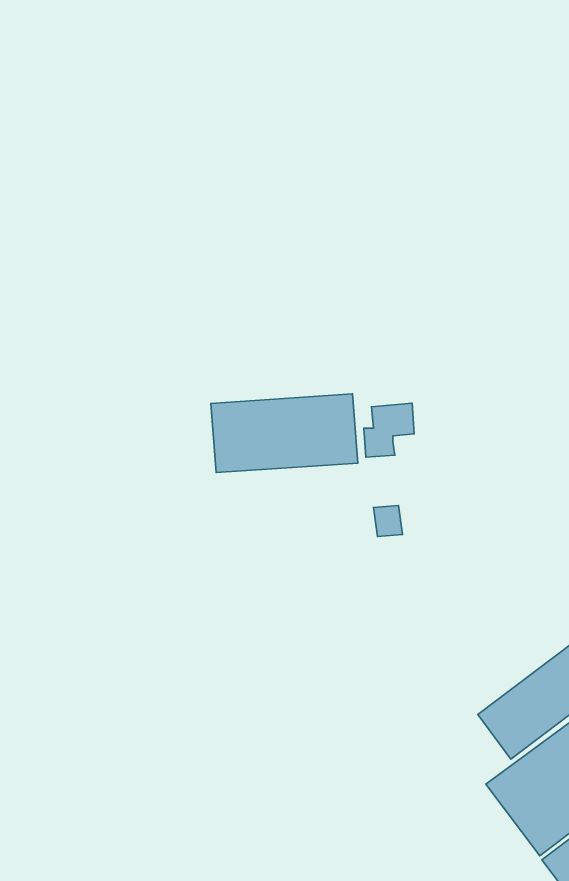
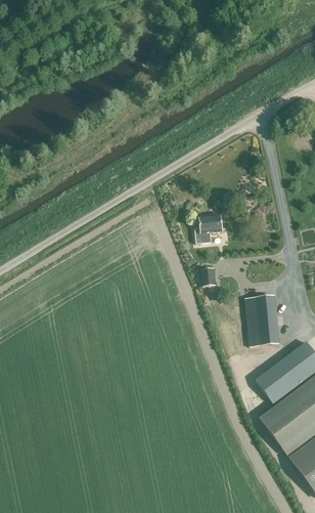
building: [211,394,358,472] -> none
building: none -> [245,296,279,347]

